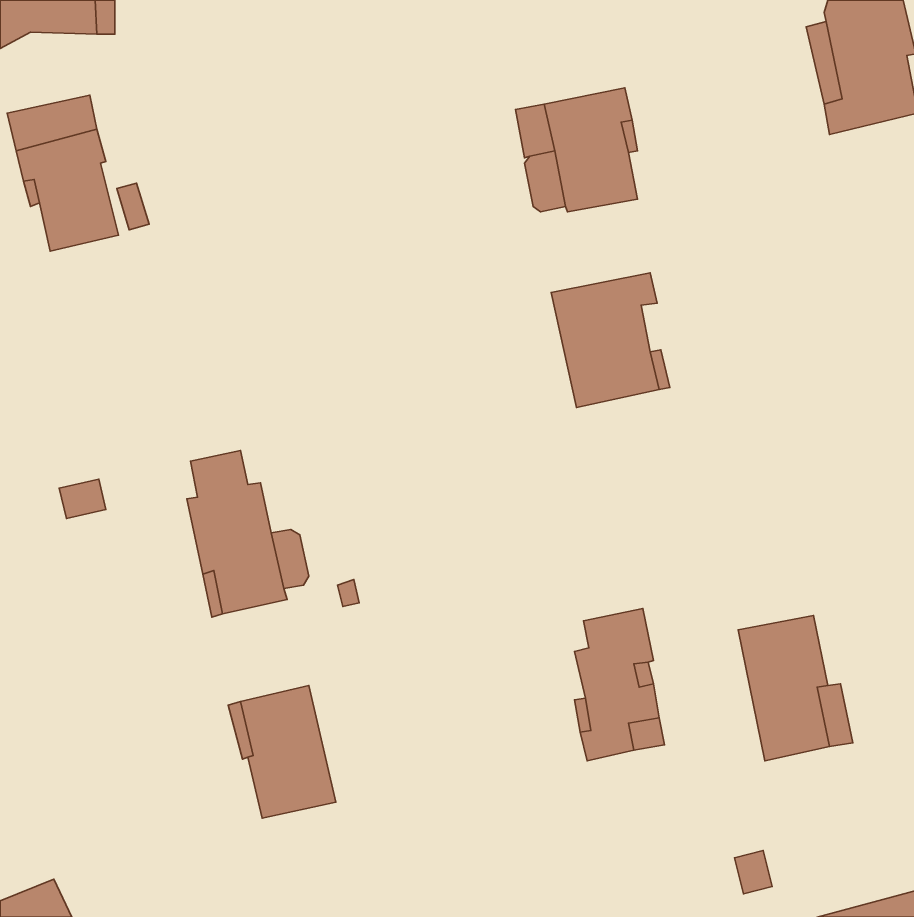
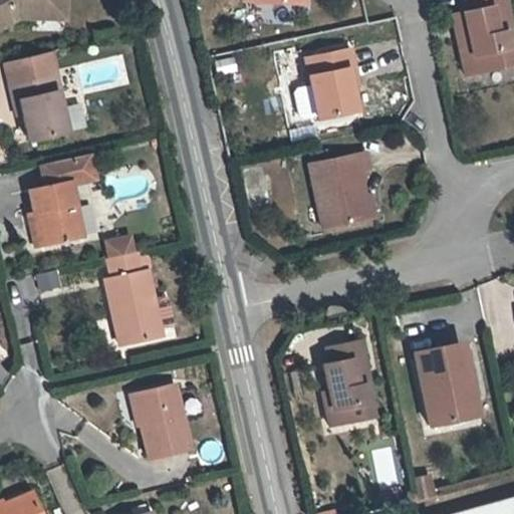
building: none -> [29,154,96,247]

